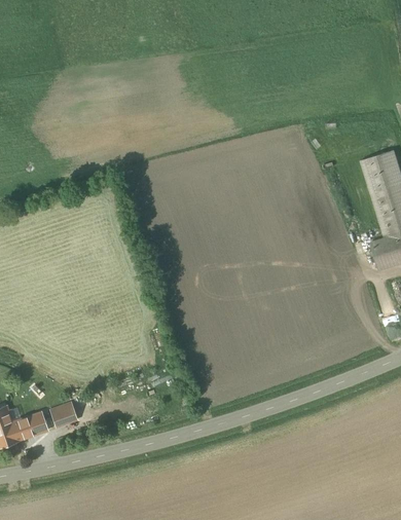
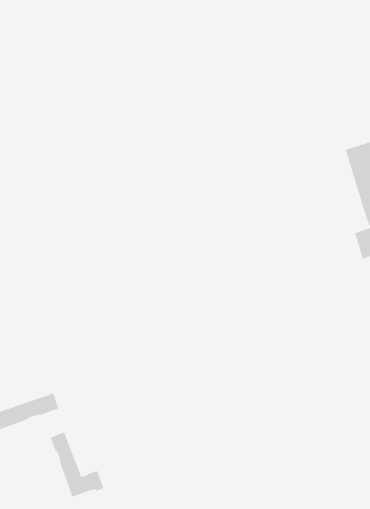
building: none -> [50,431,104,498]

